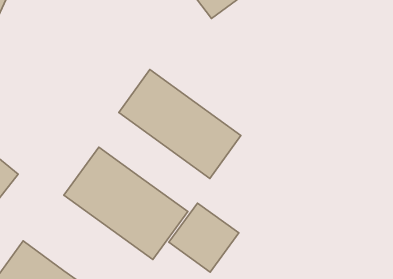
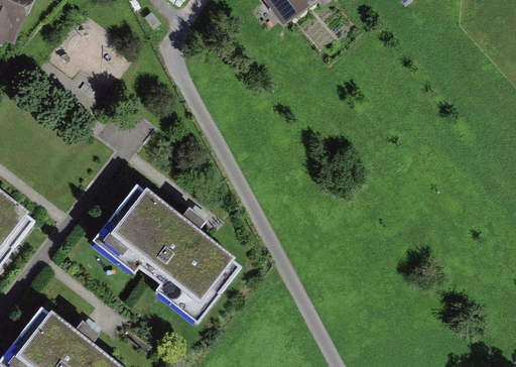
building: [119,69,241,178] -> none
building: [169,203,239,272] -> none

